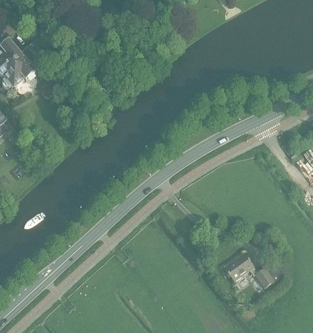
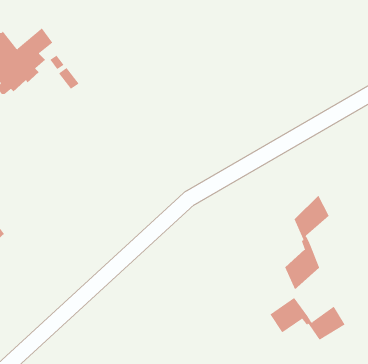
building: none -> [284,195,330,290]

